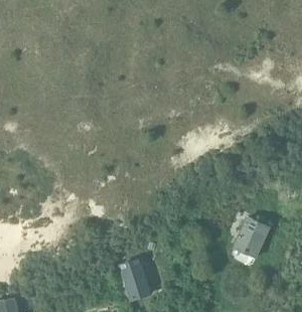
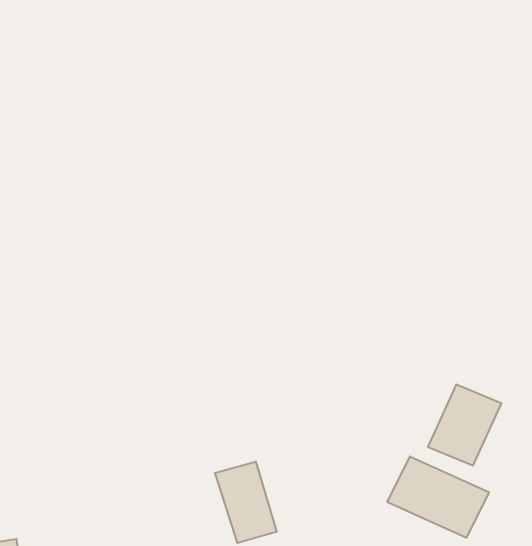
building: none -> [387,456,489,538]

